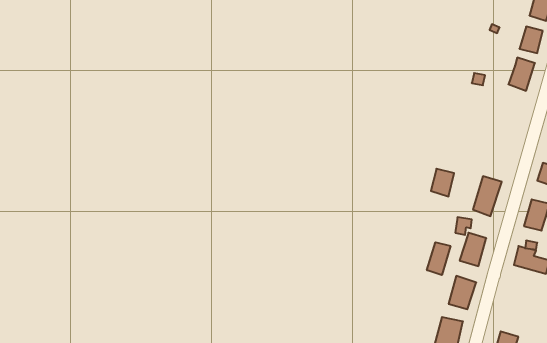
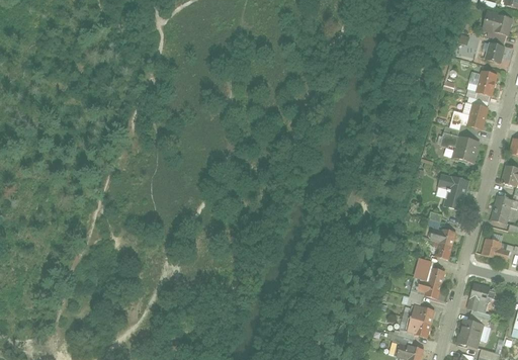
building: none -> [465,101,490,127]
building: [431,169,454,196] -> [455,139,477,164]
building: [427,242,450,275] -> none
building: none -> [465,282,490,312]

